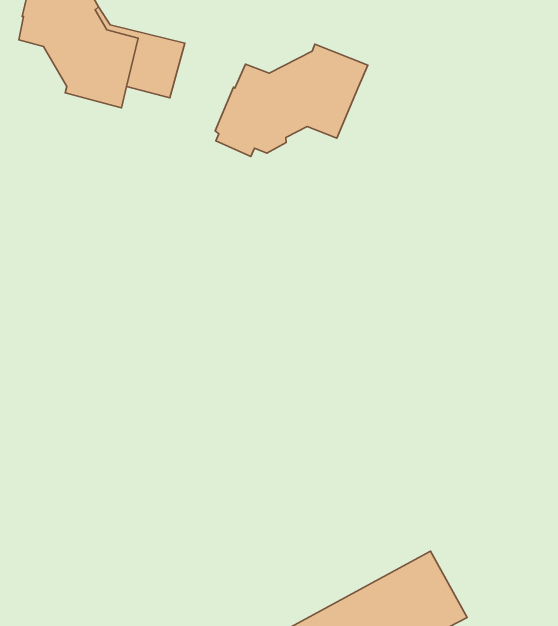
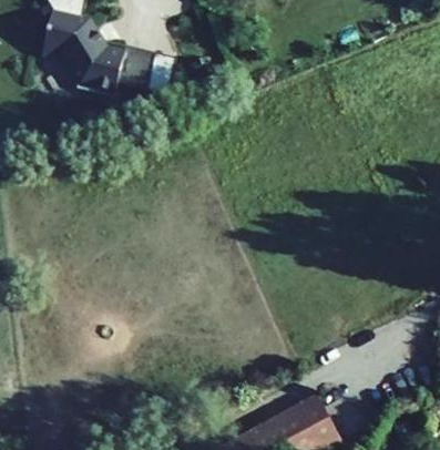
building: [215,44,368,157] -> none

